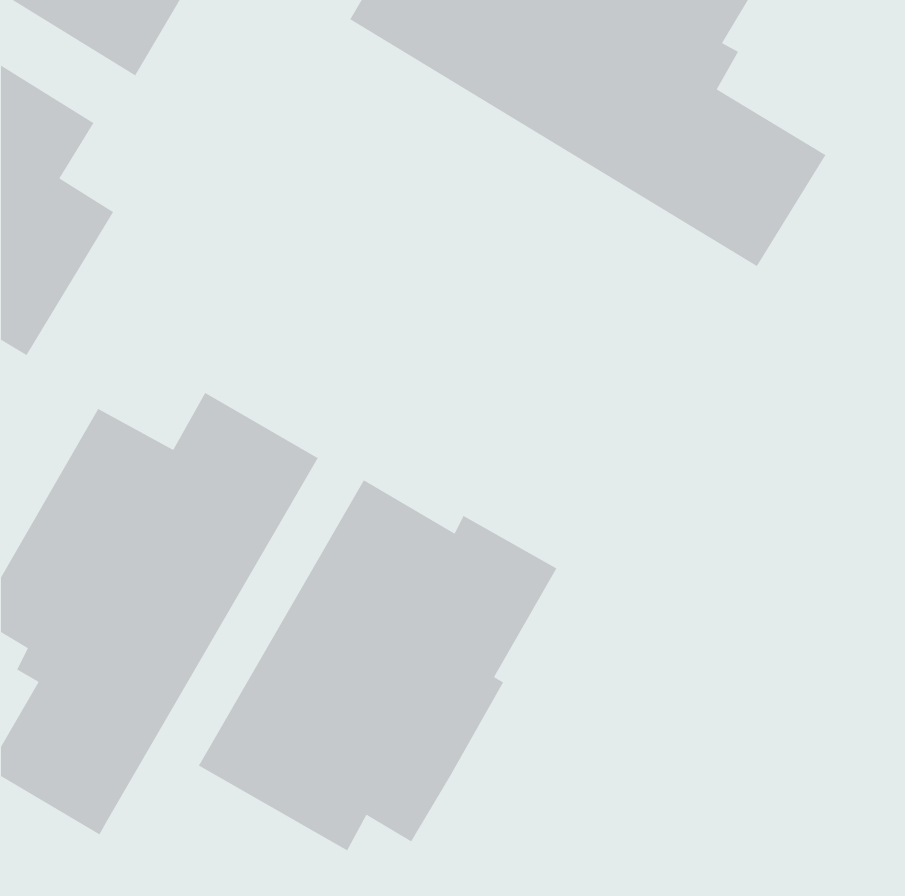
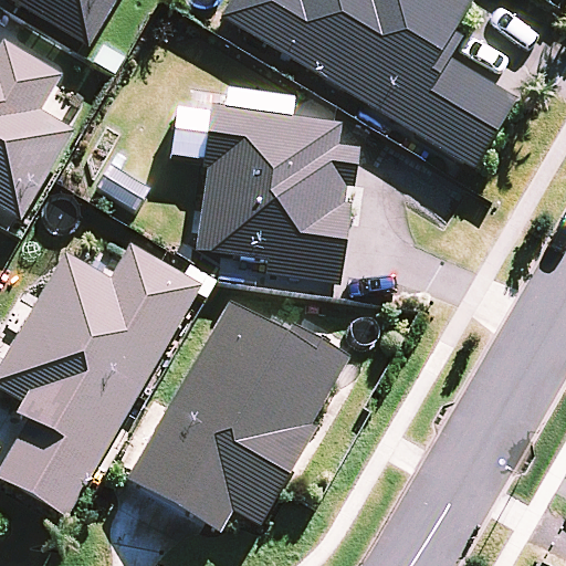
building: none -> [195,101,358,283]

